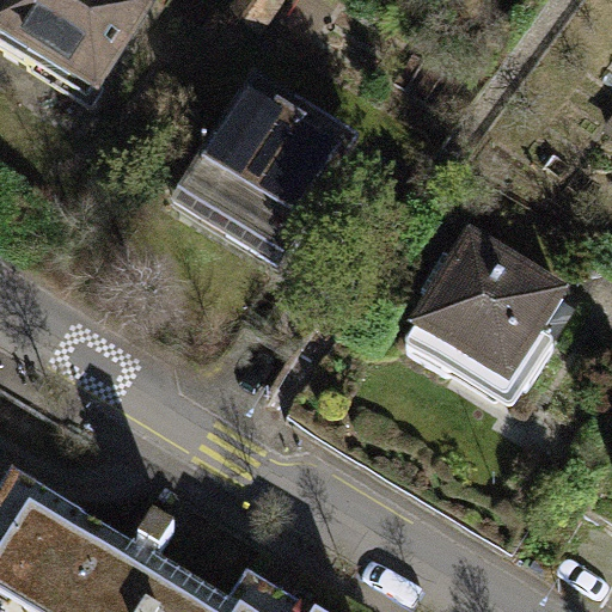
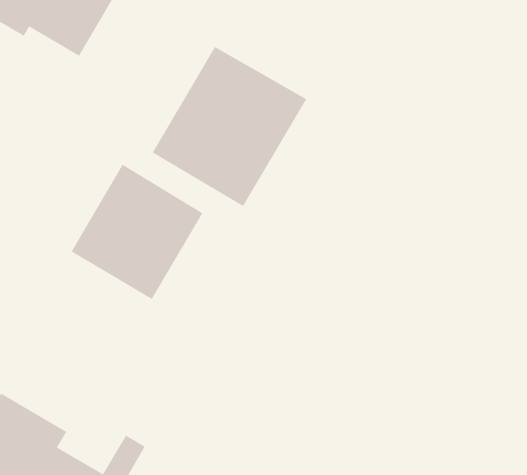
building: none -> [71,164,203,300]
building: [400,238,559,394] -> none

